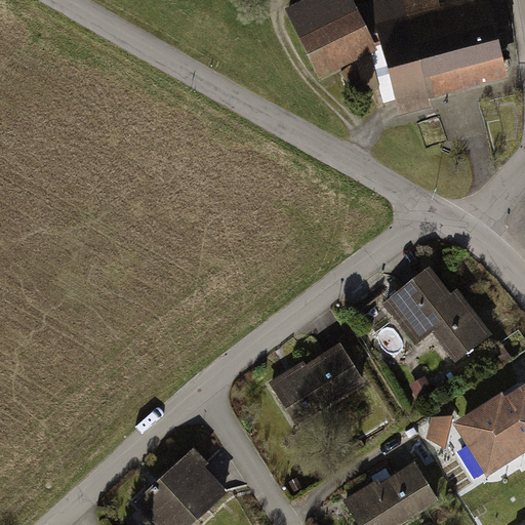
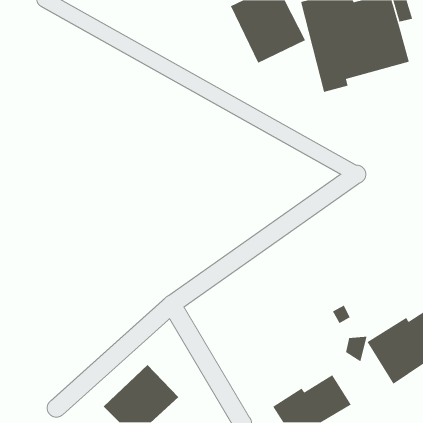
building: [385,268,492,361] -> none
building: [268,339,365,423] -> none

